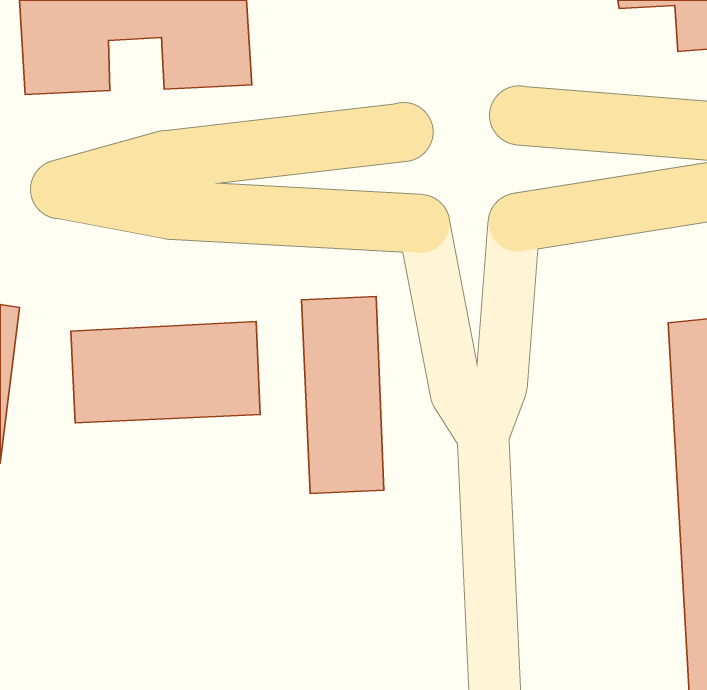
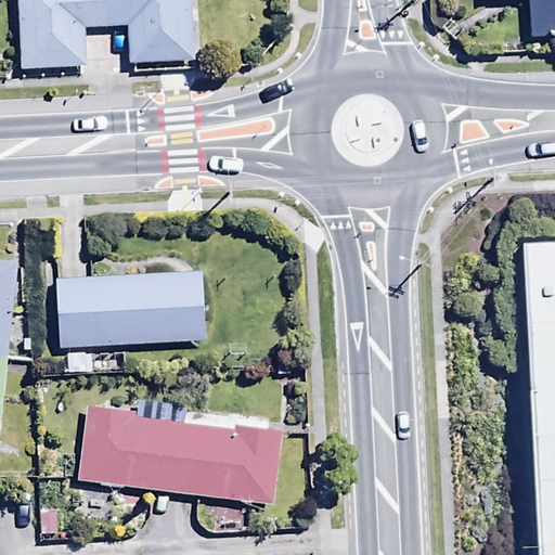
building: [301,296,384,493] -> none
building: none -> [80,402,283,503]

